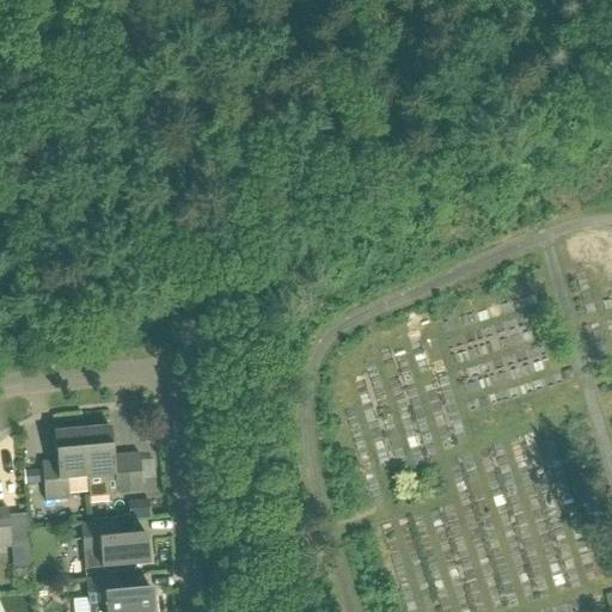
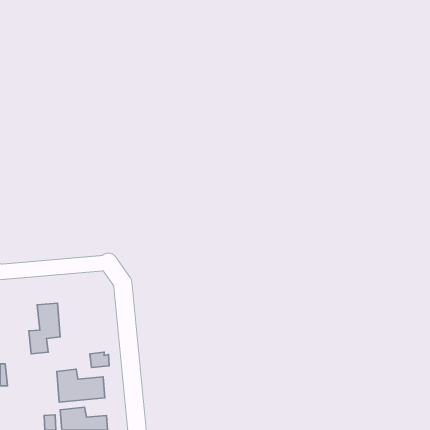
building: [85,426,146,491] -> none

